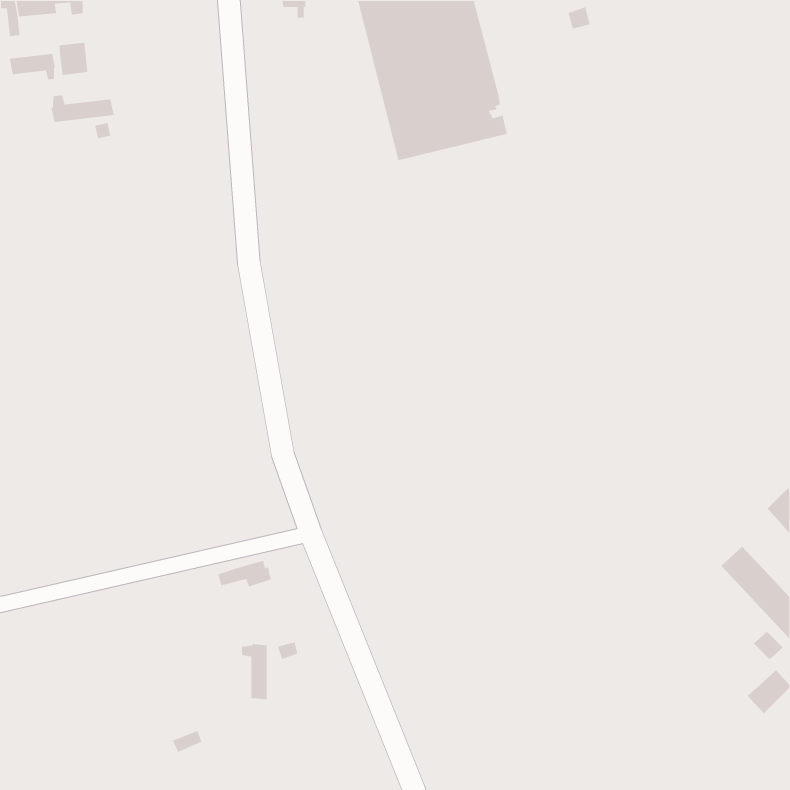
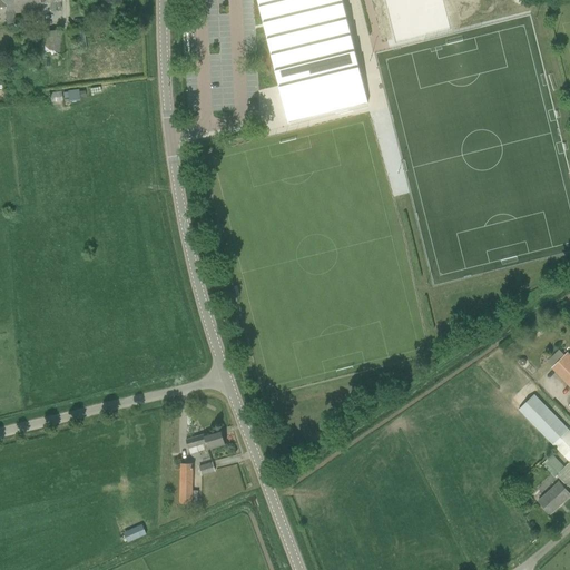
building: [9,53,56,80] -> none
building: [50,94,115,123] -> none
building: [218,560,272,588] -> [186,430,225,450]

